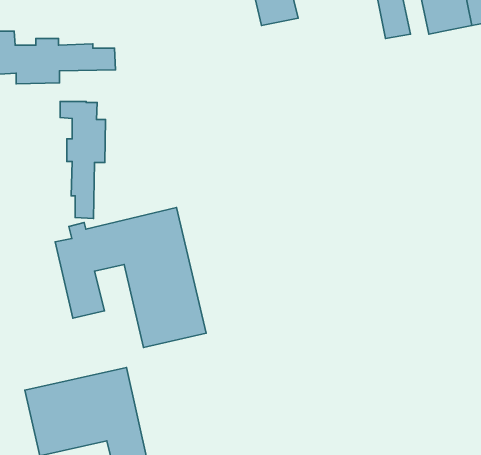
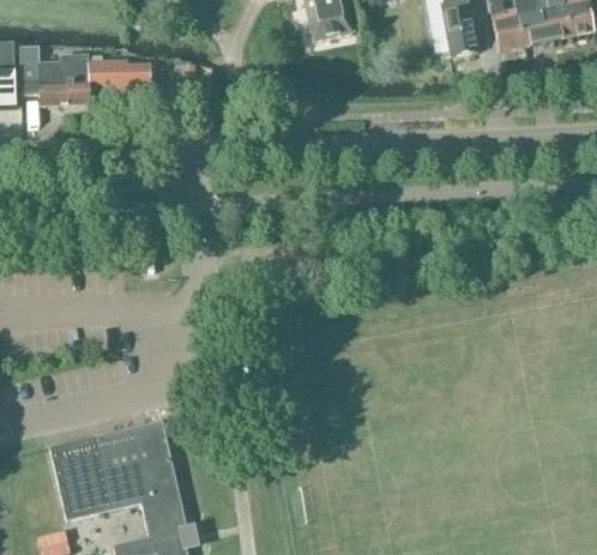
building: [60,101,106,219] -> none
building: [55,208,206,348] -> none

